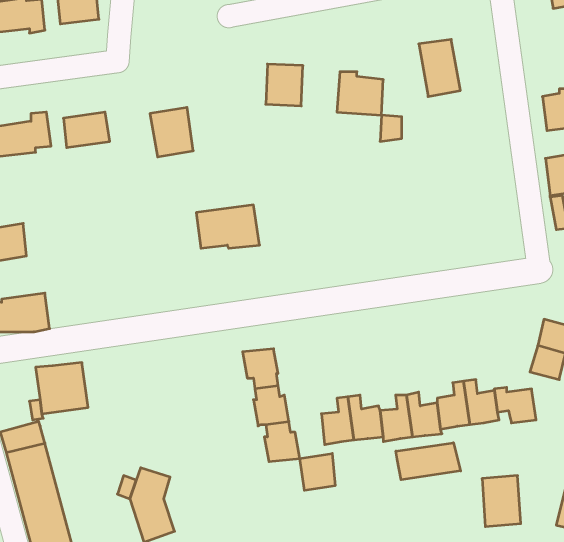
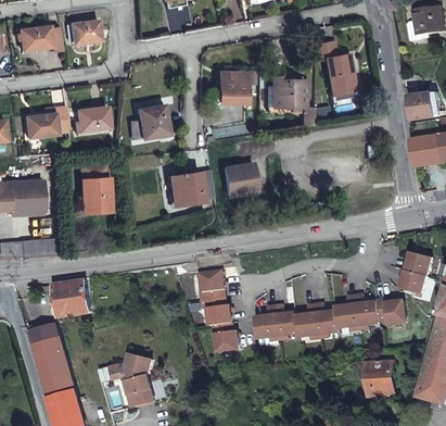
building: none -> [222,164,255,196]
building: none -> [80,165,110,214]
building: [396,443,461,480] -> none
building: [300,453,335,490] -> none

